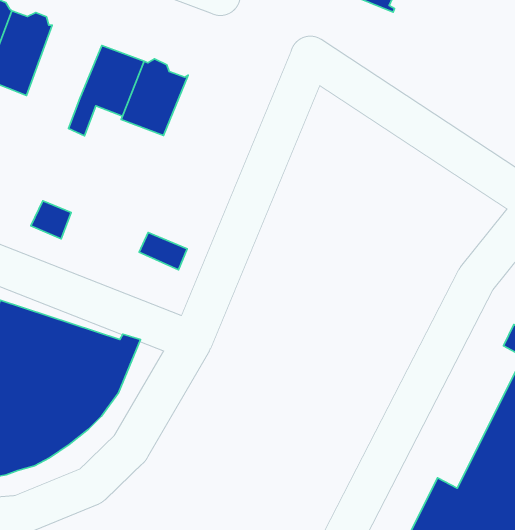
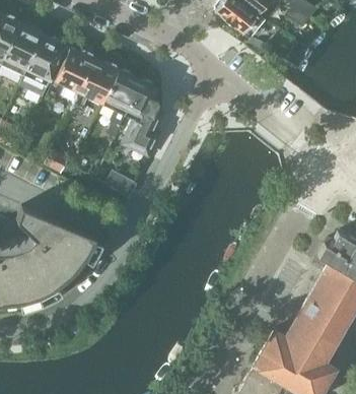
building: none -> [56,48,94,90]
building: none -> [123,80,163,155]

